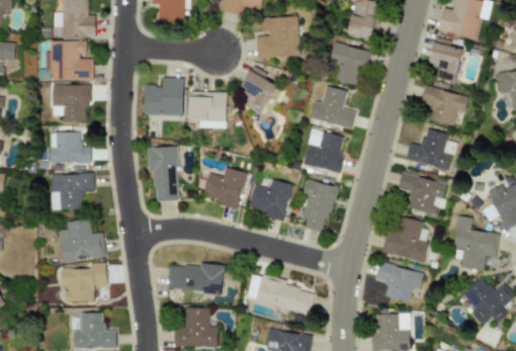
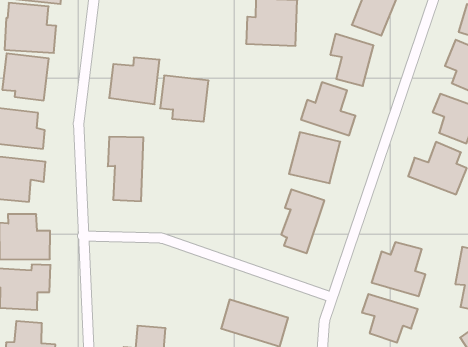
building: [241,69,277,114] -> none
building: [202,167,247,207] -> none
building: [398,172,448,214] -> none
building: [249,179,292,222] -> none
building: [168,262,225,293] -> none

